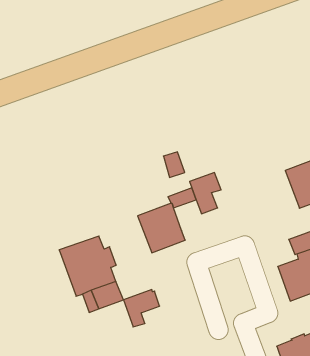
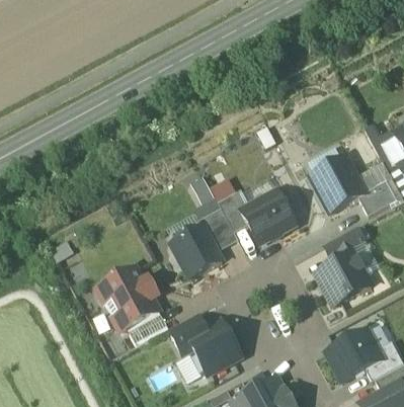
building: none -> [241,189,295,242]
building: none -> [206,218,238,250]
building: none -> [188,324,241,373]

